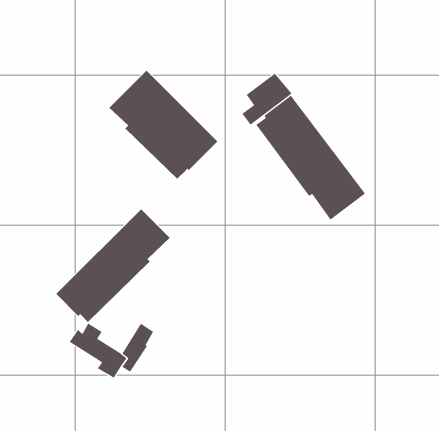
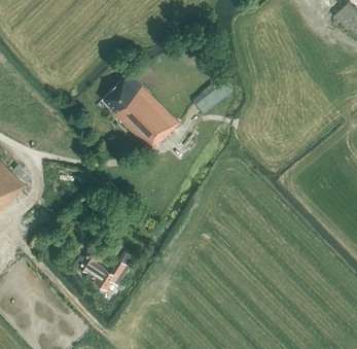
building: [256,95,366,221] -> none
building: [56,208,171,323] -> none

